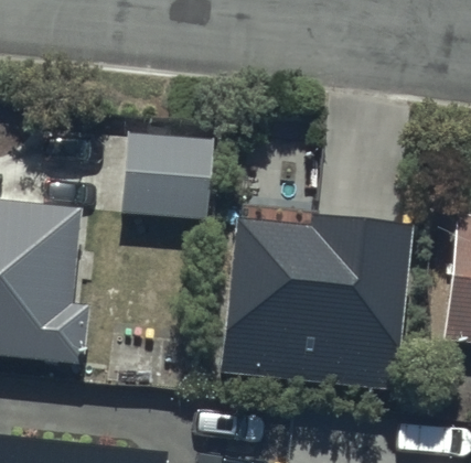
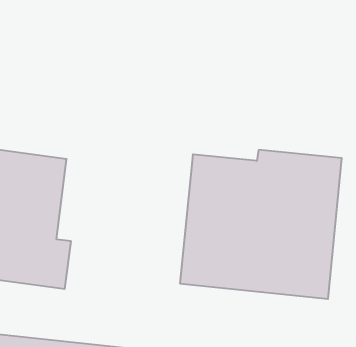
building: [121,130,214,218] -> none

